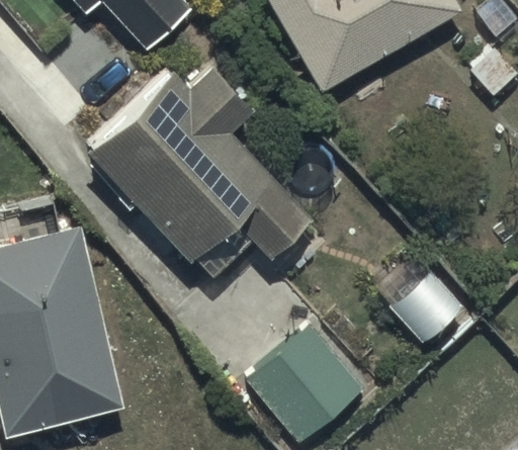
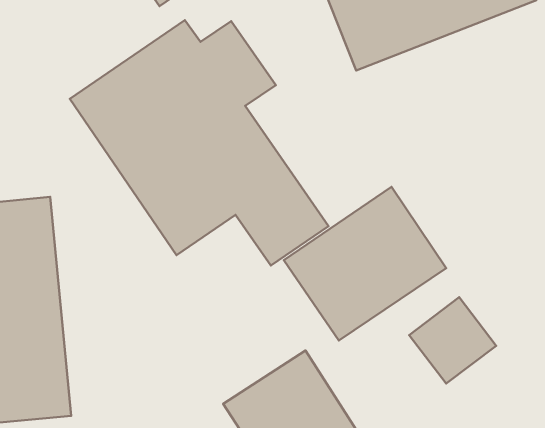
building: none -> [284,187,446,340]

